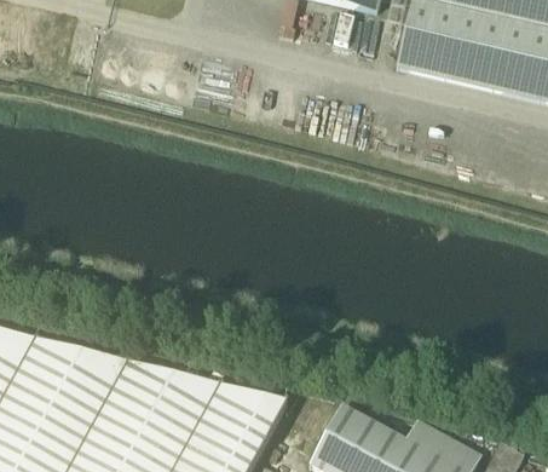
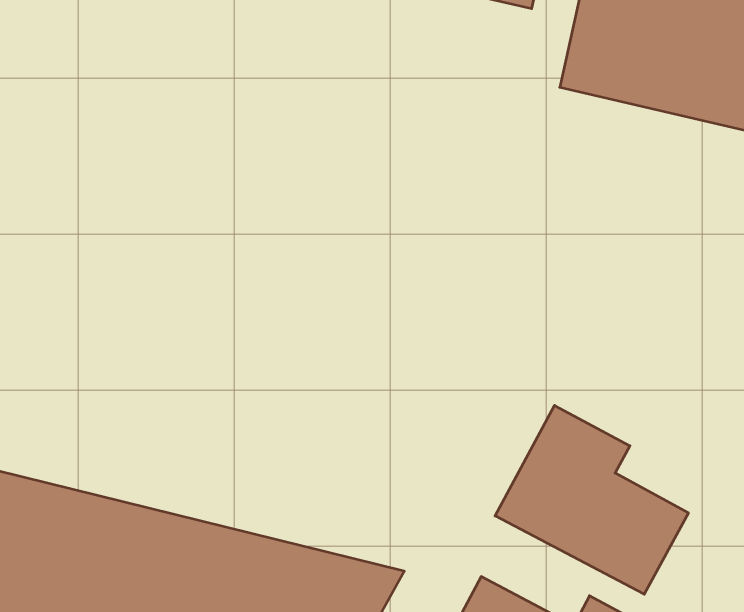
building: none -> [495,405,688,594]

